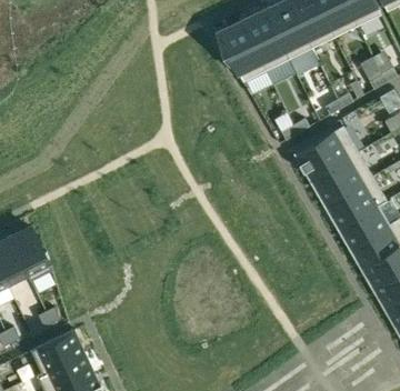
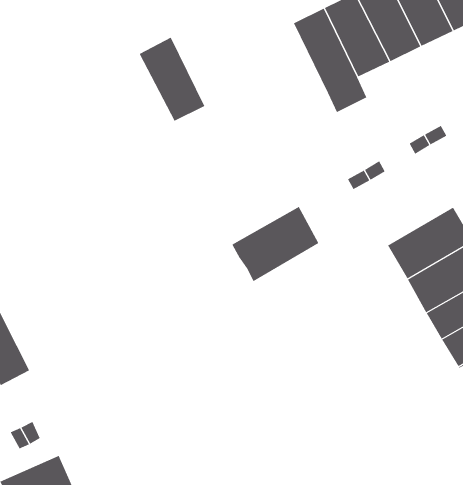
building: [218,20,266,81] -> [139,37,205,122]
building: [294,126,358,180] -> [232,206,319,282]

